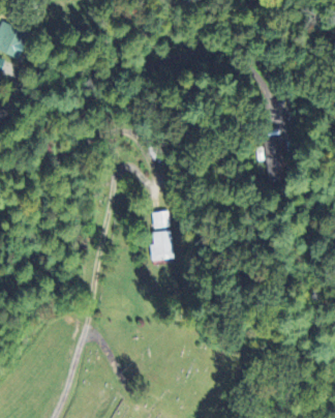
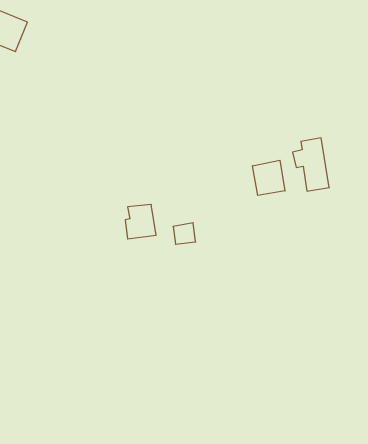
building: none -> [253,160,285,195]
building: [151,230,178,260] -> [125,205,156,239]

